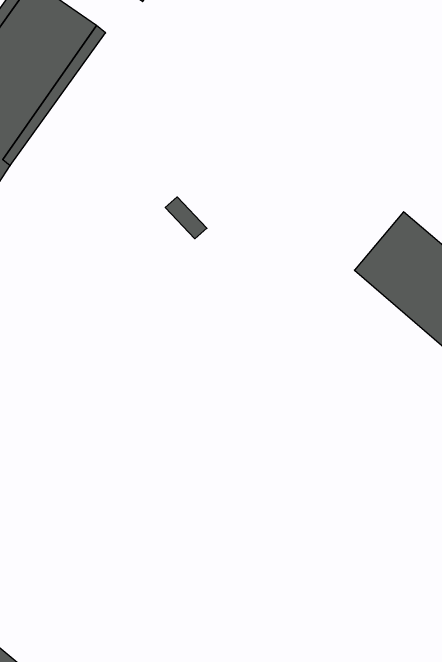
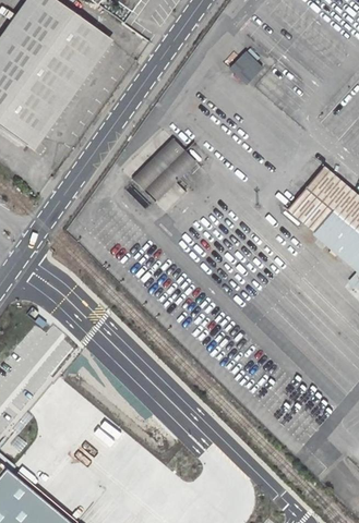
building: none -> [230,51,265,85]
building: none -> [157,139,195,178]
building: none -> [133,162,170,200]

